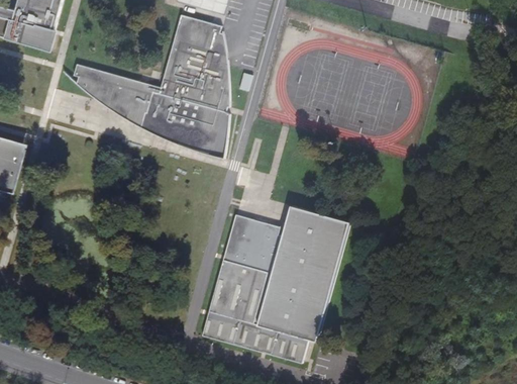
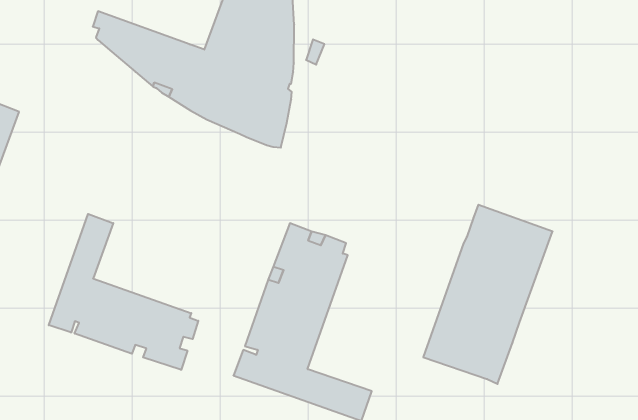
building: [257,205,349,342] -> [423,205,553,384]
building: none -> [49,214,198,370]

